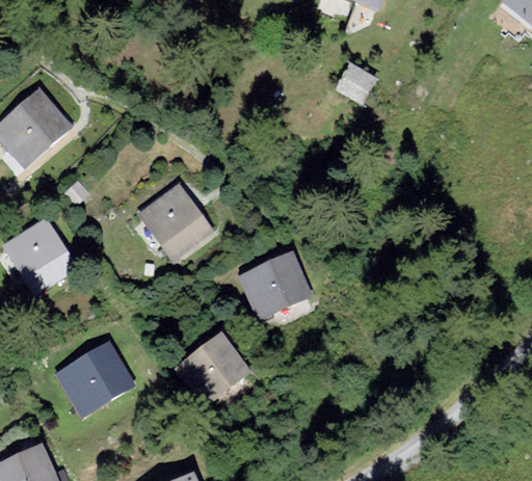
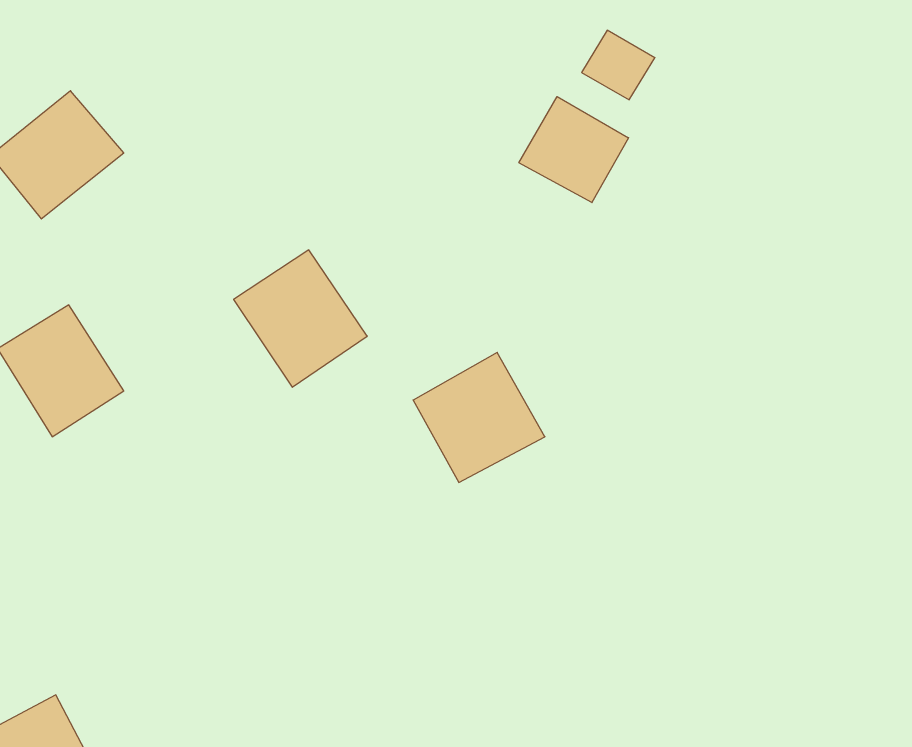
building: none -> [519,97,629,203]
building: [174,332,247,404] -> none
building: [54,338,136,419] -> none

